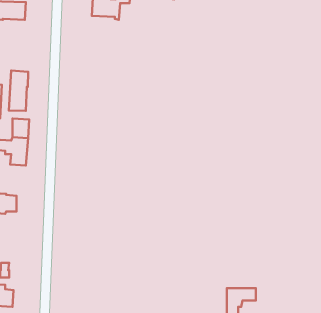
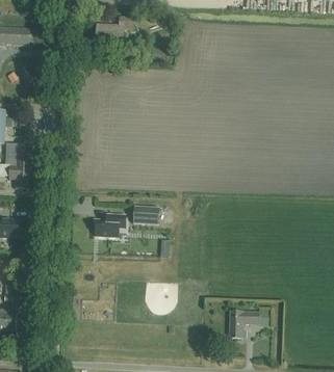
building: [9,70,28,111] -> none
building: none -> [132,206,158,223]
building: none -> [94,213,125,236]

